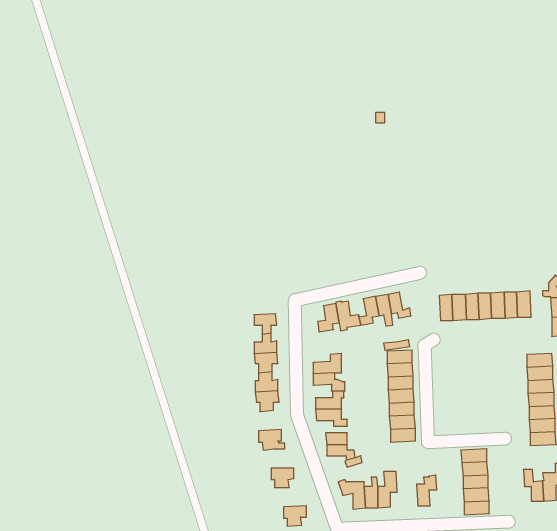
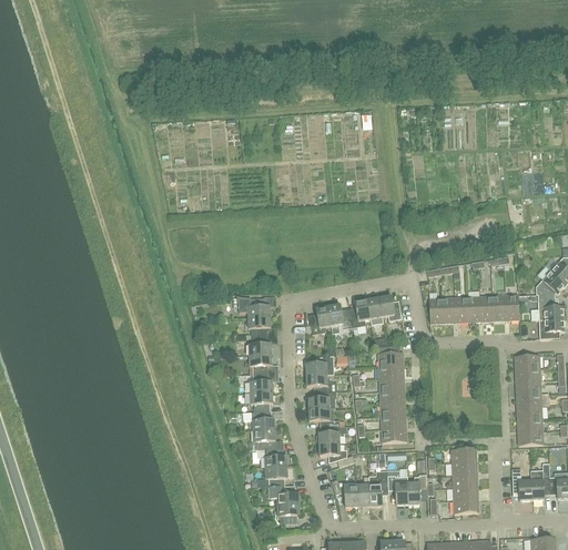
building: none -> [239,297,270,317]
building: none -> [243,410,275,430]
building: none -> [256,448,287,467]
building: none -> [387,469,408,505]
building: none -> [271,485,300,505]

